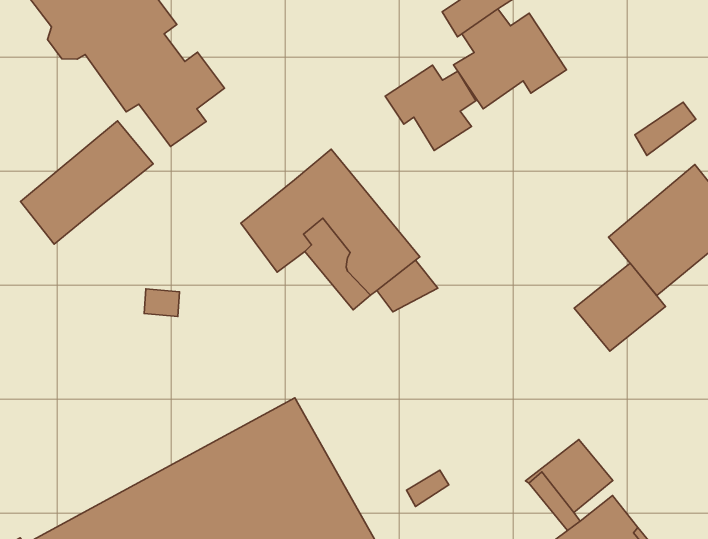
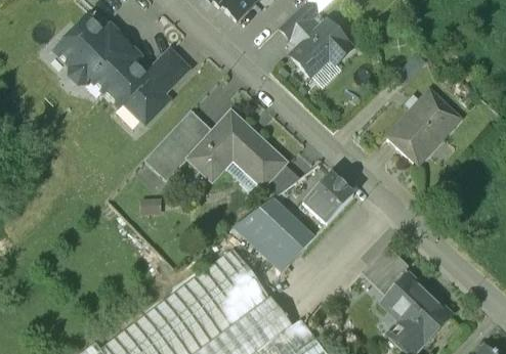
building: none -> [151,53,185,87]
building: [385,65,476,151] -> none
building: [21,121,153,244] -> [144,110,213,182]
building: [574,263,666,351] -> [303,175,352,224]
building: none -> [234,200,312,271]

